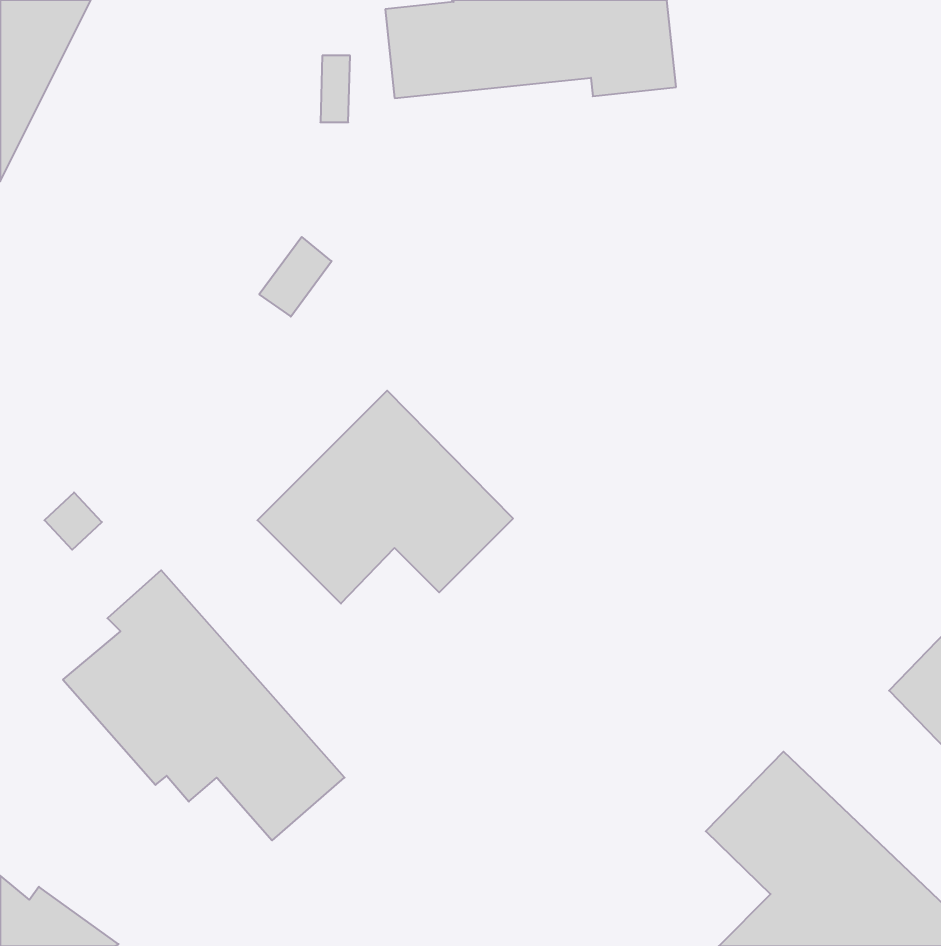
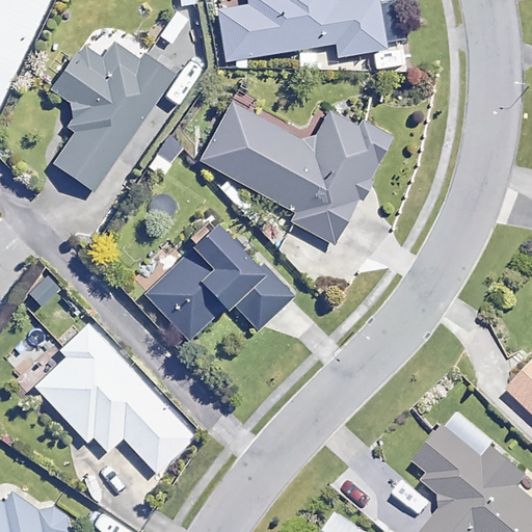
building: none -> [56,44,175,188]
building: none -> [192,98,383,256]

